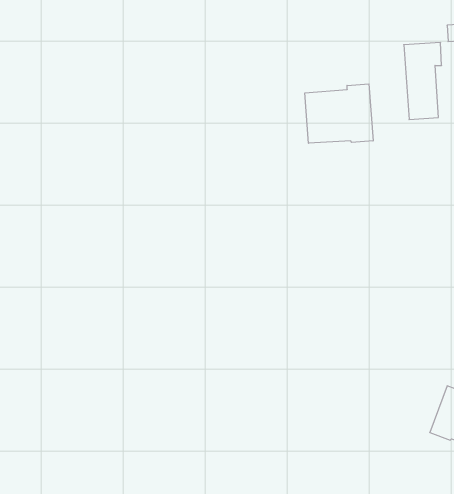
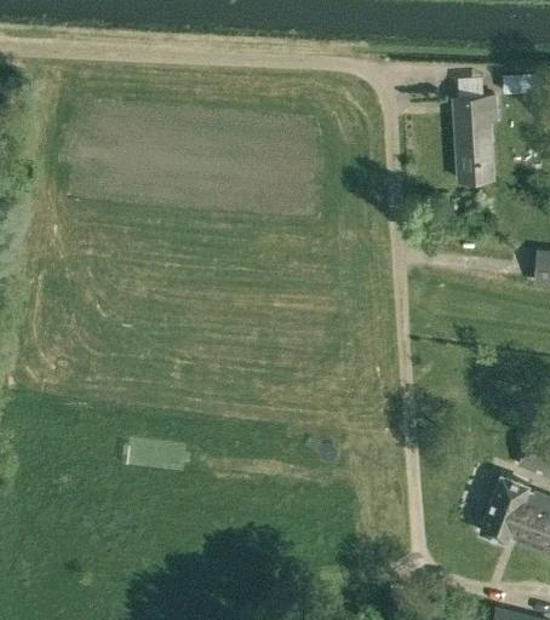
building: [305,84,373,143] -> none

